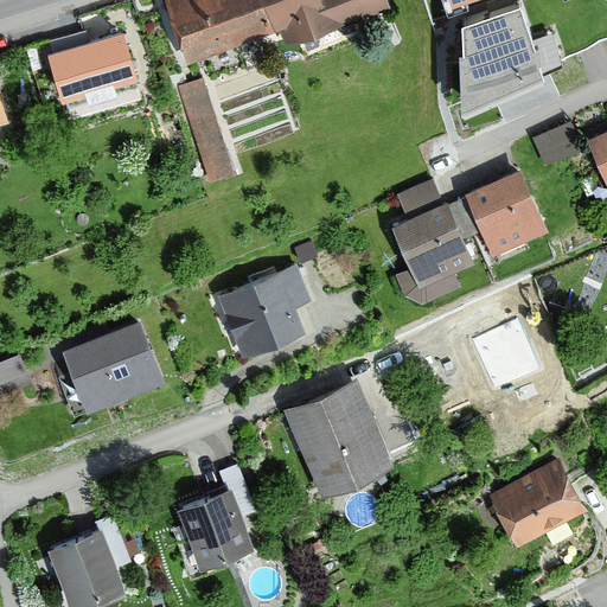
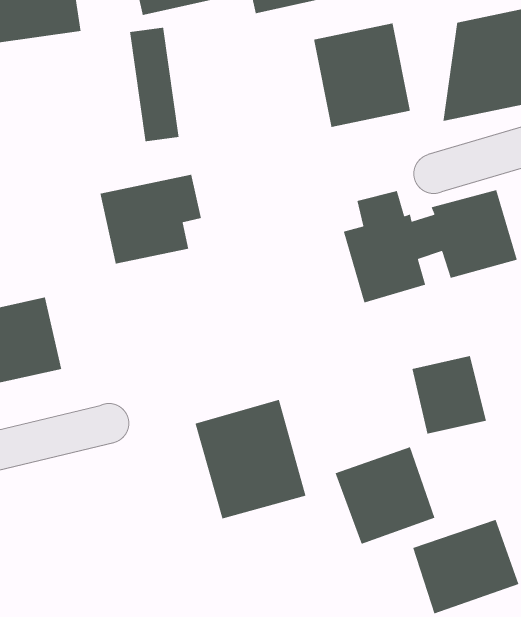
building: none -> [313,22,411,128]
building: [216,268,308,357] -> [99,174,202,265]
building: none -> [334,446,435,545]
building: [174,469,258,569] -> none

